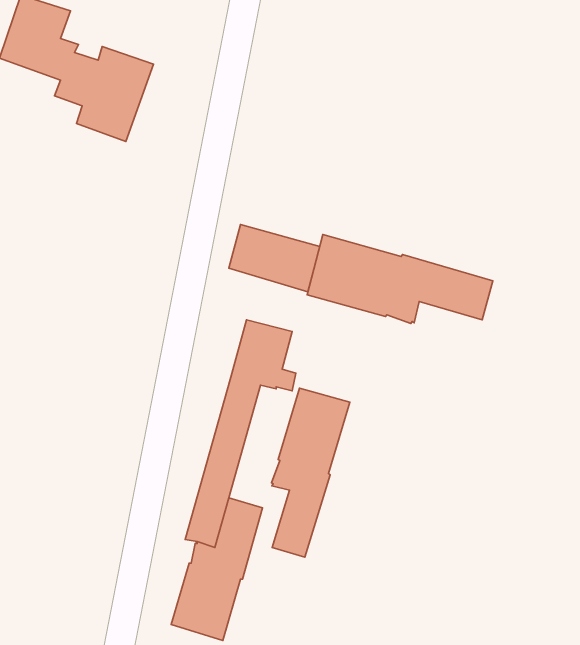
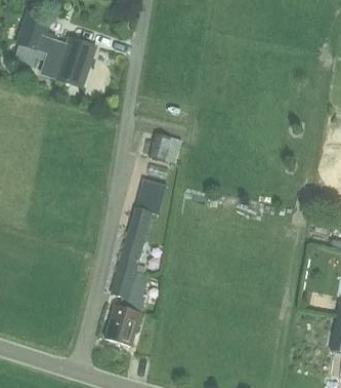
building: [307,235,493,323] -> none
building: [271,388,350,557] -> none

